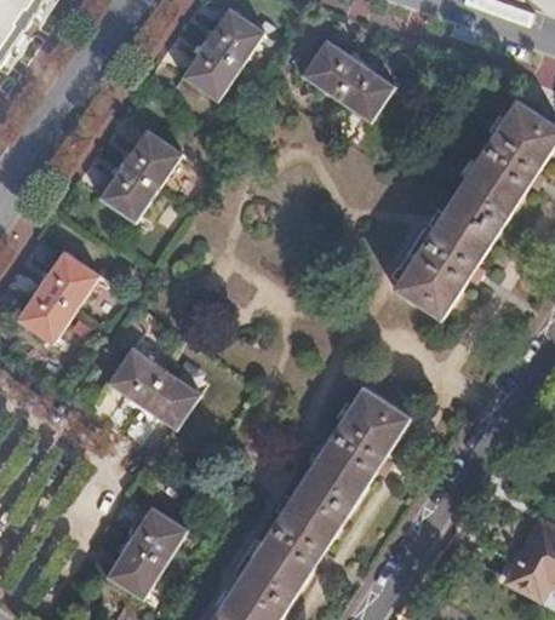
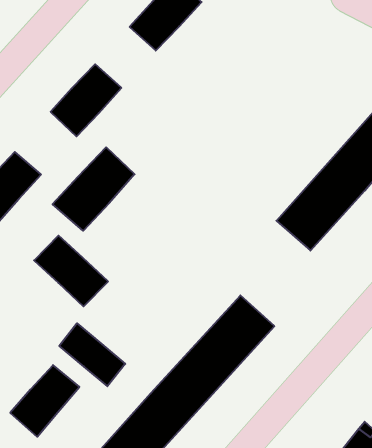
building: [301,41,393,121] -> none
building: none -> [53,147,135,231]
building: none -> [59,323,125,386]

